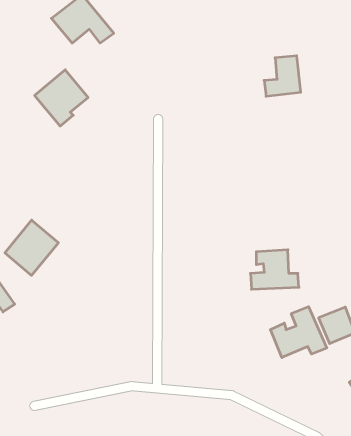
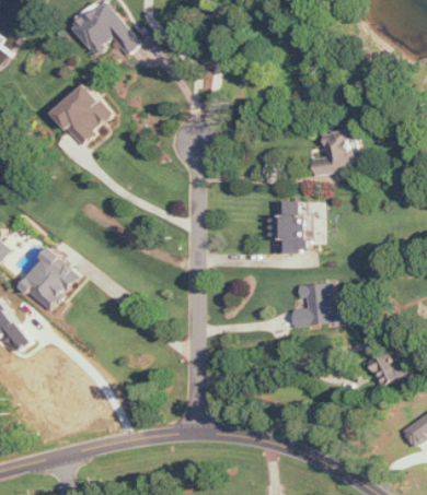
building: [264,56,301,96] -> [310,130,350,175]
building: none -> [269,200,304,251]
building: [270,307,327,358] -> none

